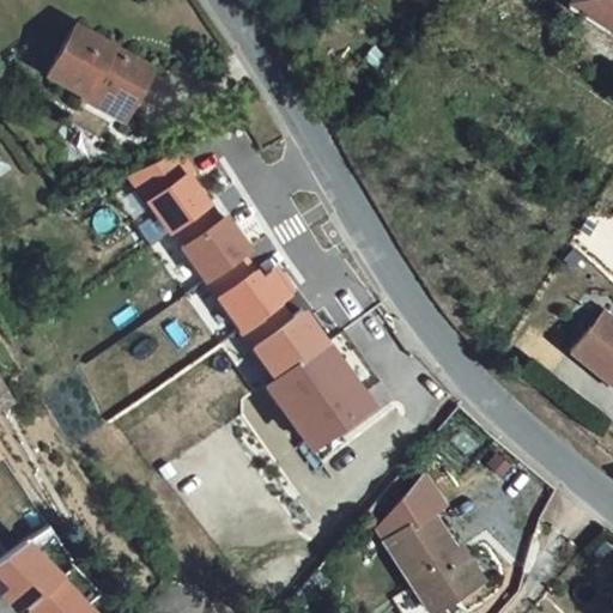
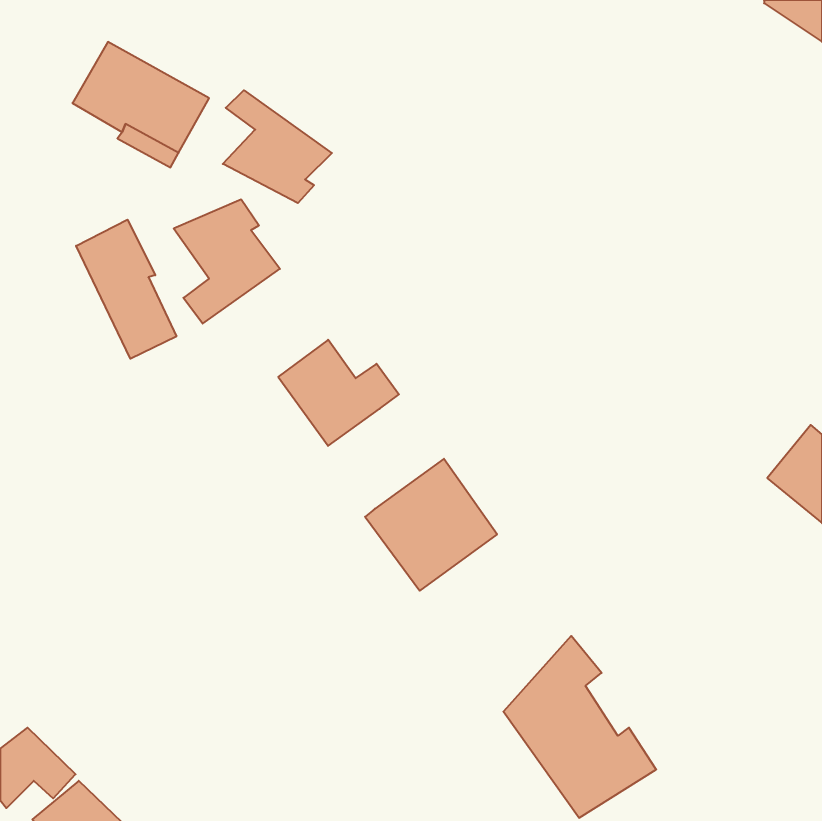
building: none -> [223,90,332,203]
building: none -> [76,220,176,359]
building: [177,205,250,281] -> none
building: [244,305,330,380] -> none

